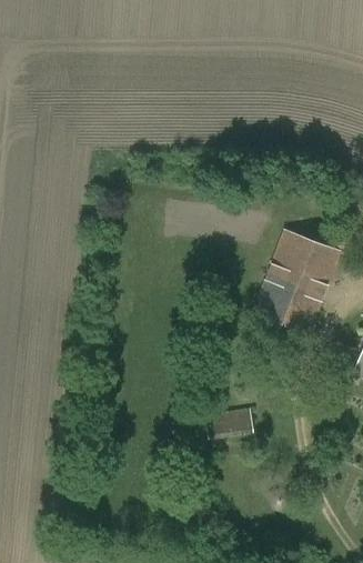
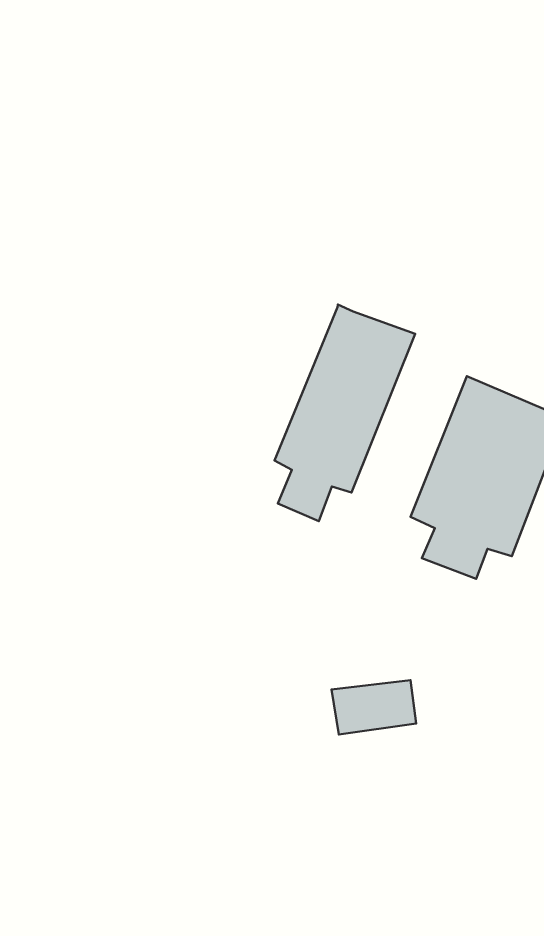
building: none -> [274,304,415,521]

